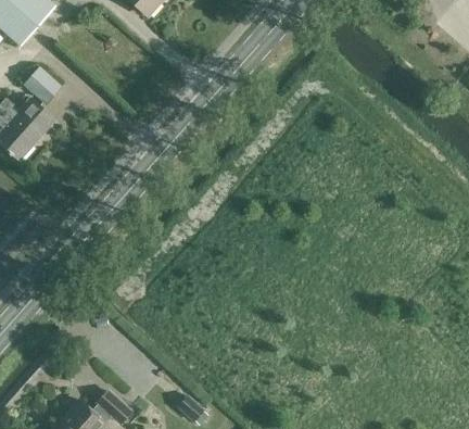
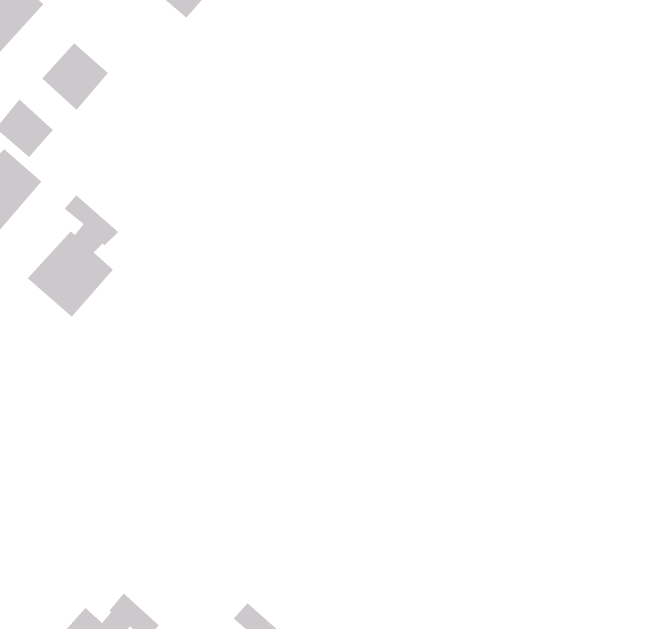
building: none -> [42,43,109,111]
building: none -> [27,194,119,318]

